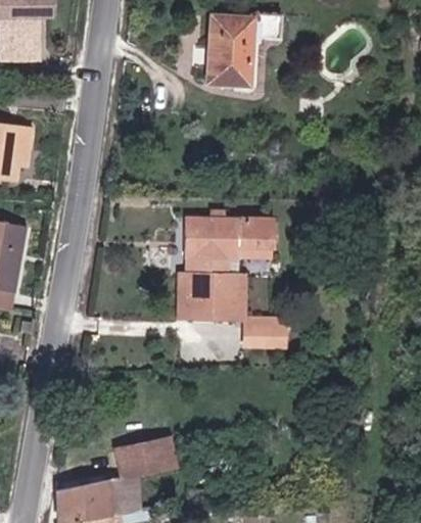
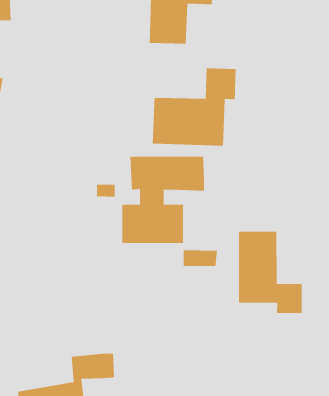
building: none -> [152,68,236,146]
building: none -> [239,231,302,314]

